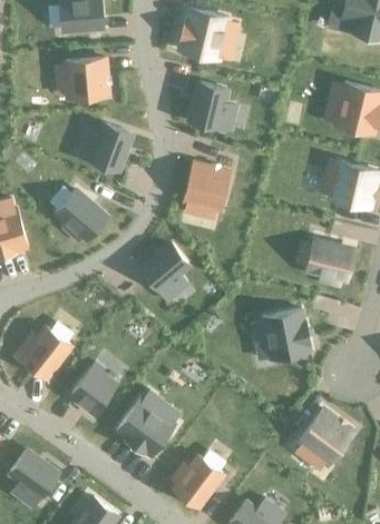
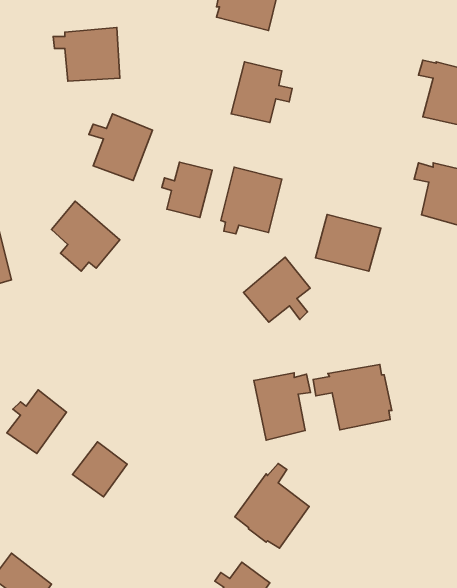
building: none -> [162,162,212,217]
building: [305,239,354,281] -> [315,215,381,271]
building: [139,244,189,293] -> [243,257,310,322]
building: none -> [254,373,310,440]
building: [117,393,173,456] -> [235,464,309,548]
building: [295,408,353,466] -> none

